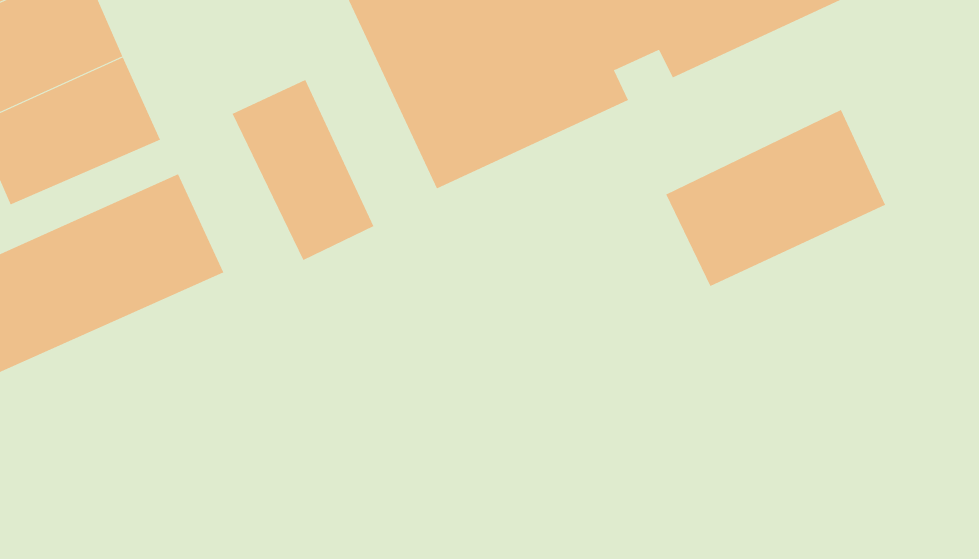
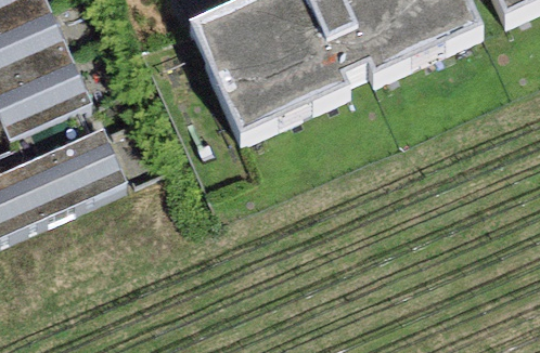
building: [232,79,374,261] -> none
building: [666,109,886,287] -> none

